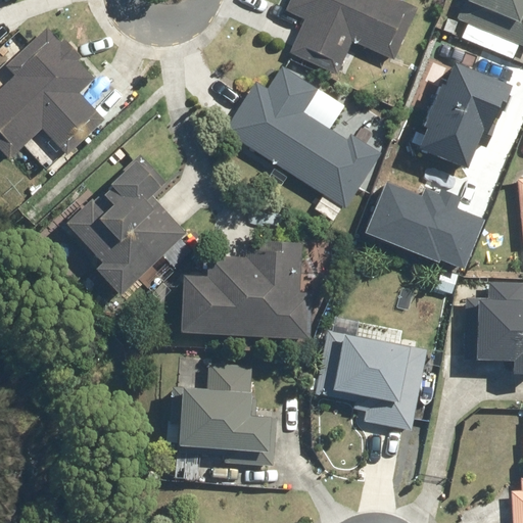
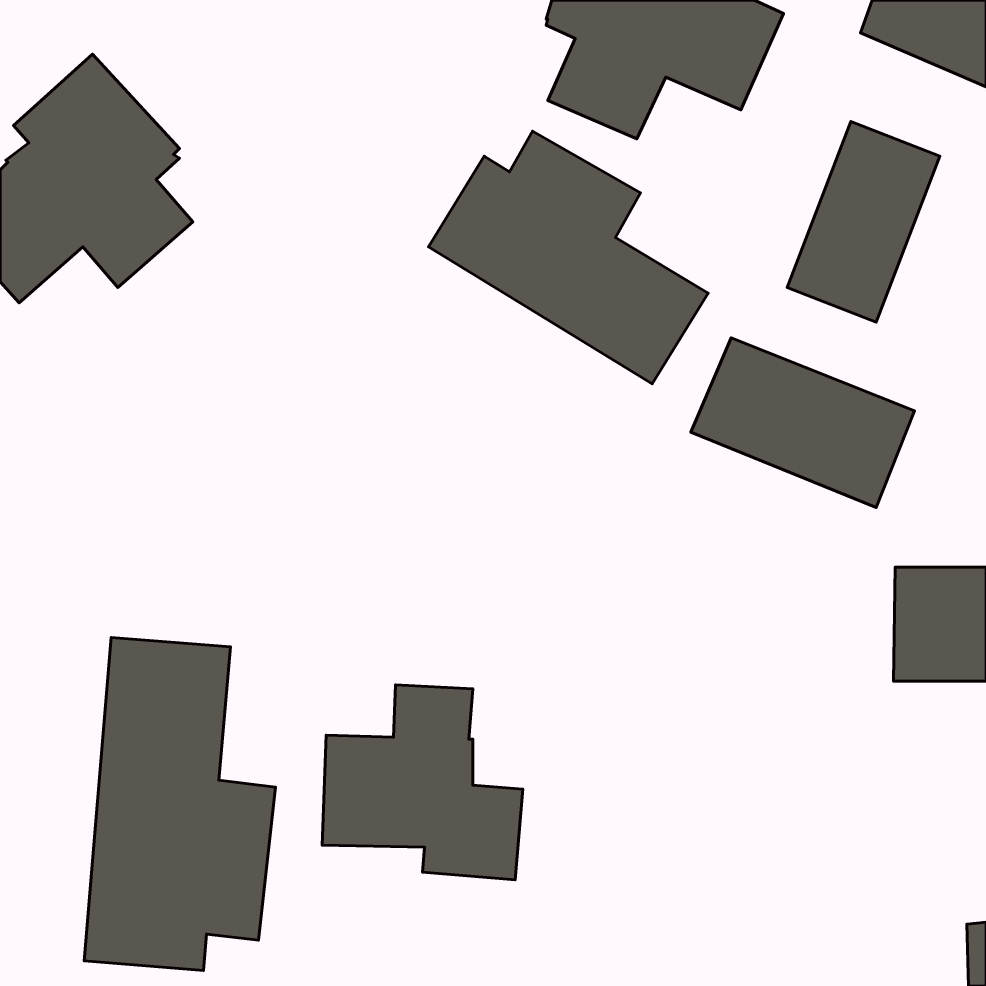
building: [63,158,186,291] -> none
building: [184,239,311,338] -> none
building: [316,330,429,430] -> none
building: none -> [84,637,276,970]

